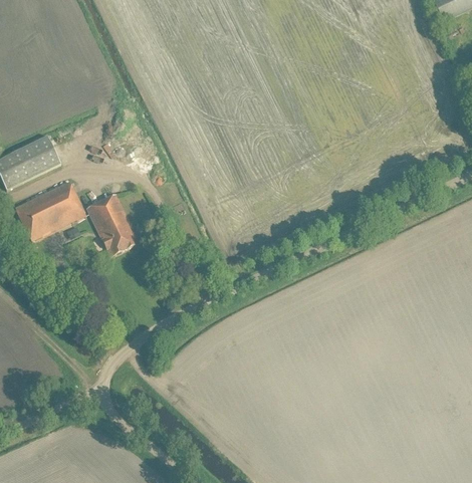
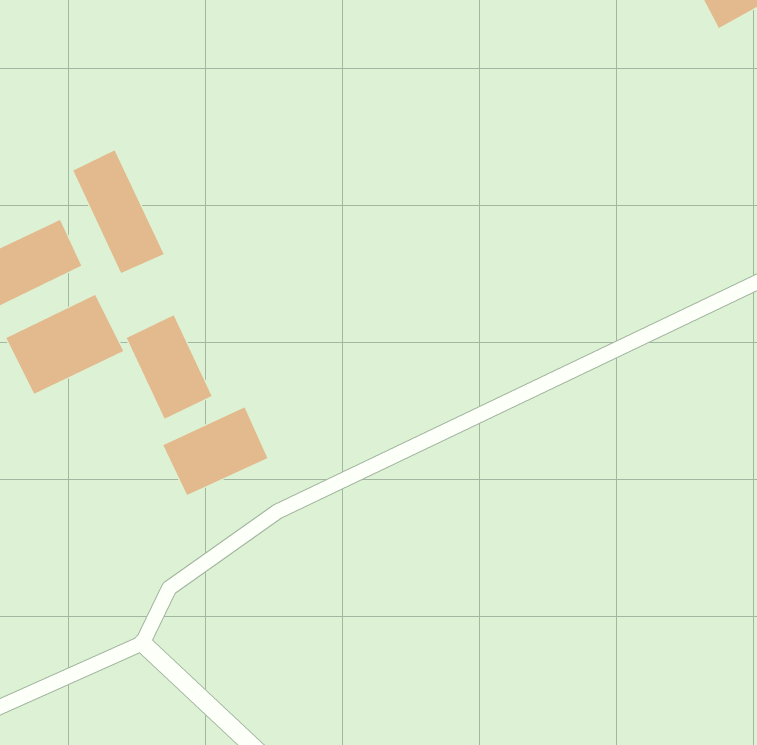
building: none -> [72,150,165,274]
building: none -> [163,406,268,496]

